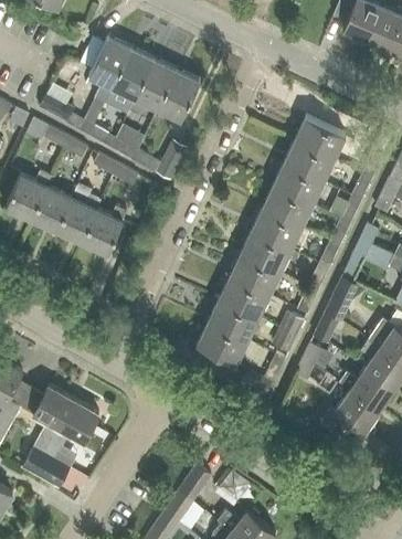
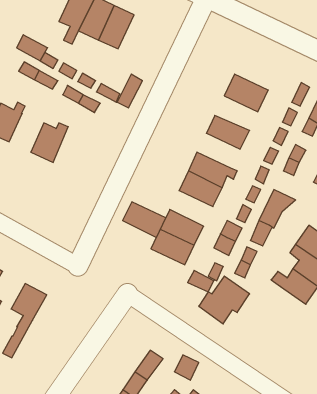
building: [158,70,200,121] -> none
building: [295,116,346,158] -> none
building: [272,165,322,205] -> none
building: [30,186,71,231] -> none
building: [82,208,125,254] -> none
building: [251,209,302,250] -> none
building: [219,276,269,318] -> [123,202,166,237]
building: [319,389,379,445] -> [199,276,250,324]
building: [33,399,98,487] -> none

